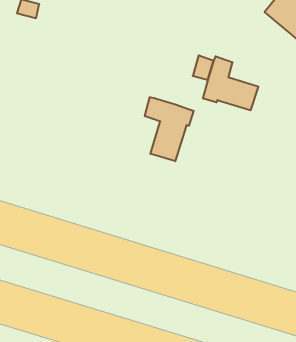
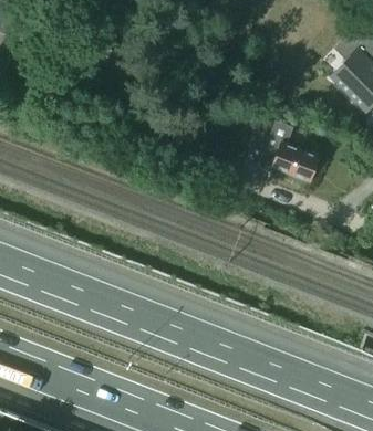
building: [145,97,194,161] -> none

